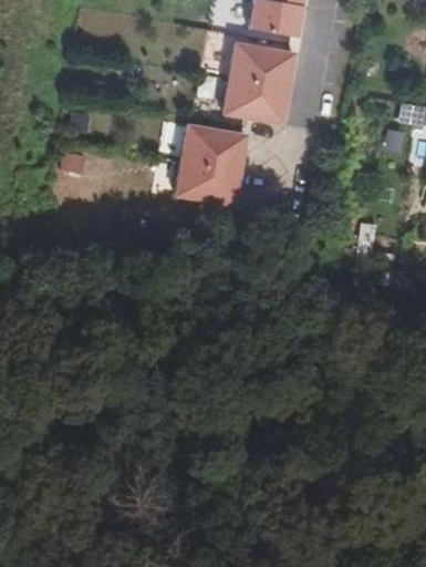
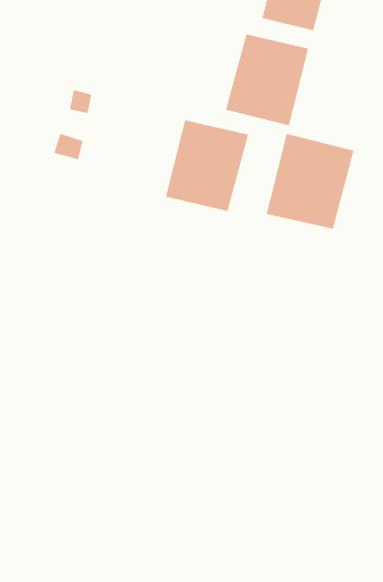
building: none -> [266,133,354,229]

